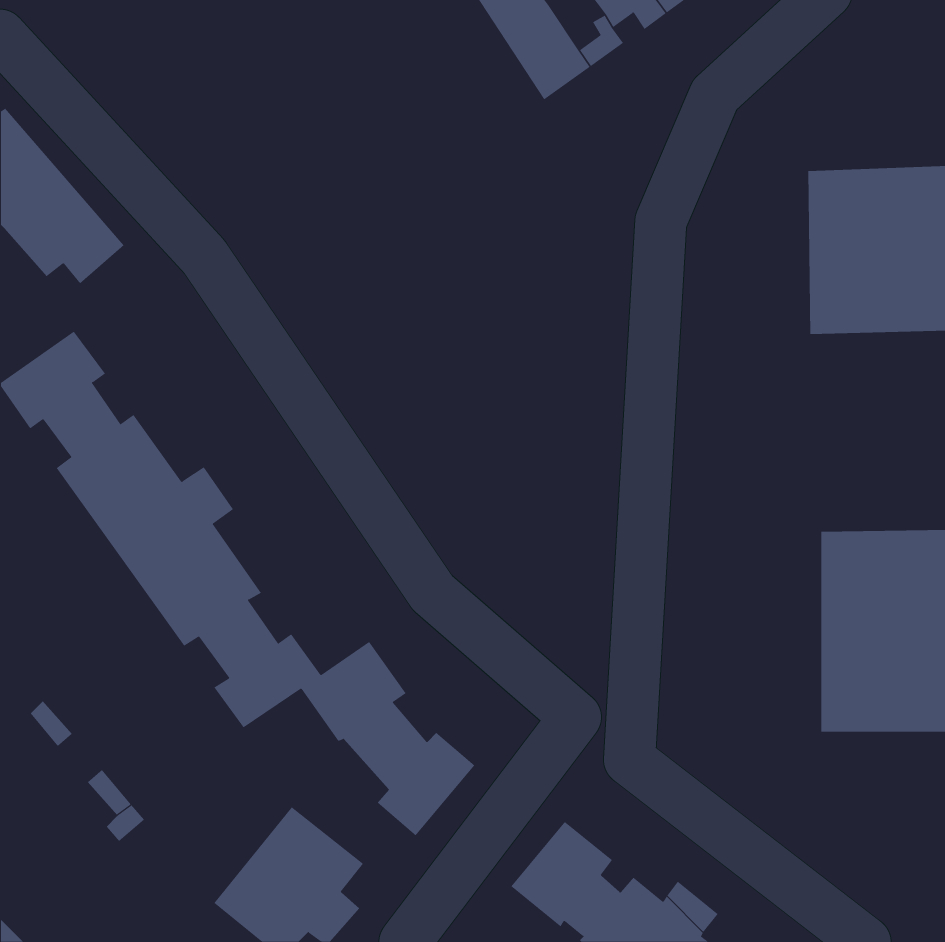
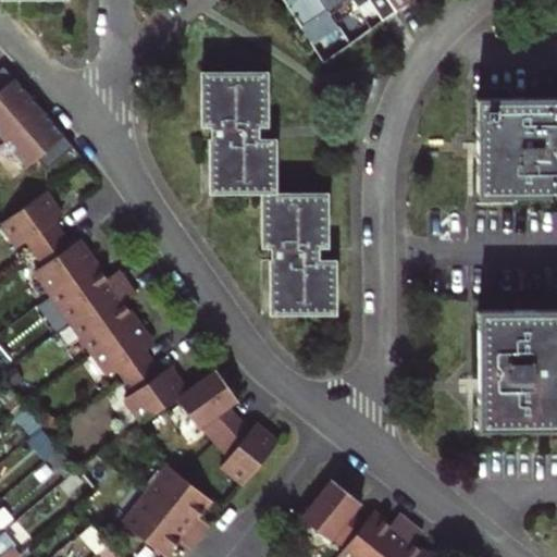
building: none -> [199,70,338,310]

